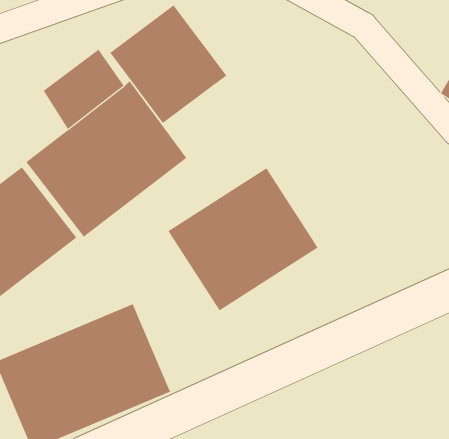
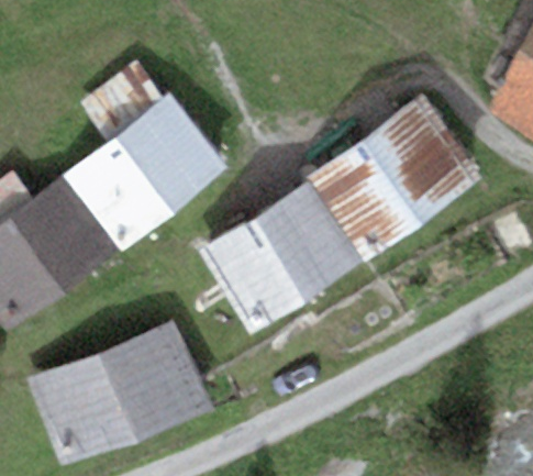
building: [109,5,227,124] -> none
building: none -> [309,97,480,257]

